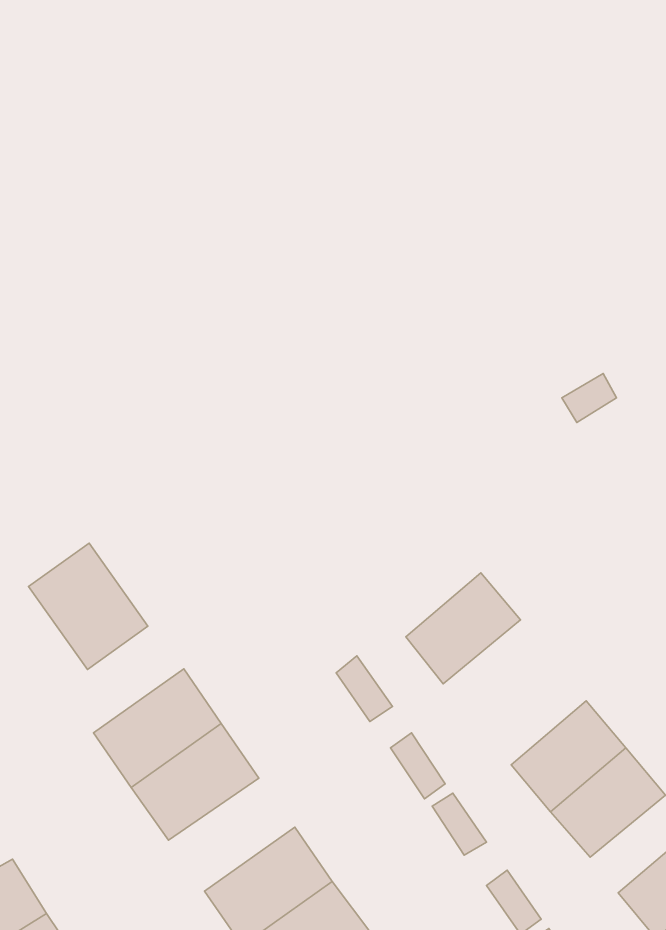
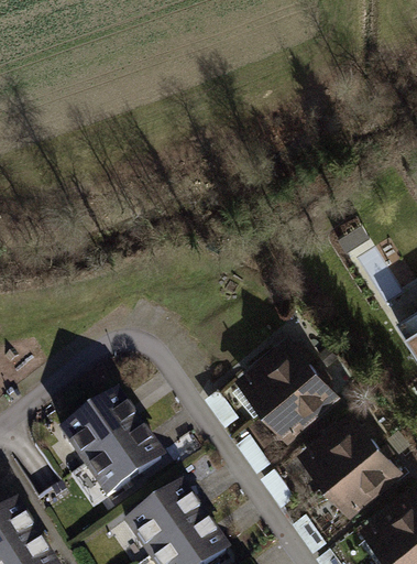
building: [29,543,148,669] -> none
building: none -> [266,367,333,431]

